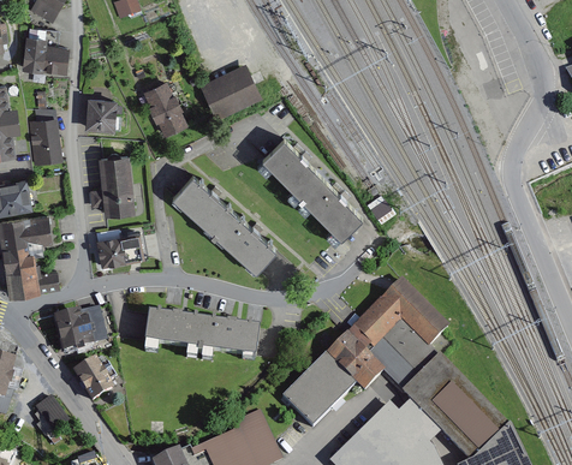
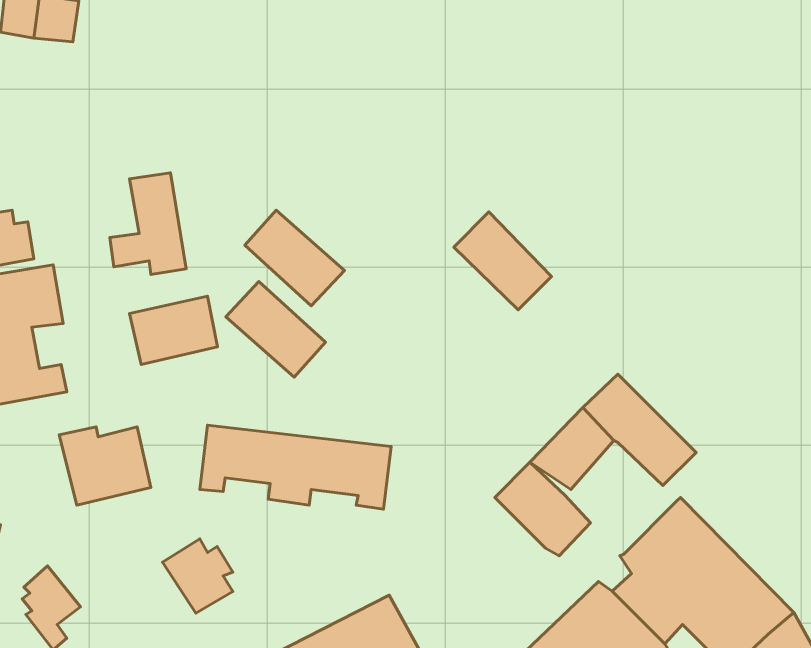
building: [199,64,260,118] -> none
building: [142,83,186,139] -> none
building: [83,97,115,130] -> none
building: [28,117,64,163] -> none
building: [260,137,321,198] -> none
building: [211,213,273,272] -> [226,282,325,377]
building: [368,318,436,387] -> none
building: [281,352,356,425] -> none
building: [71,354,114,400] -> [163,539,233,613]

